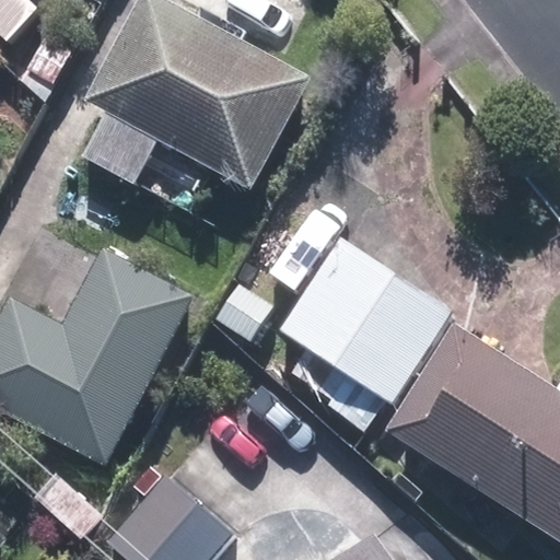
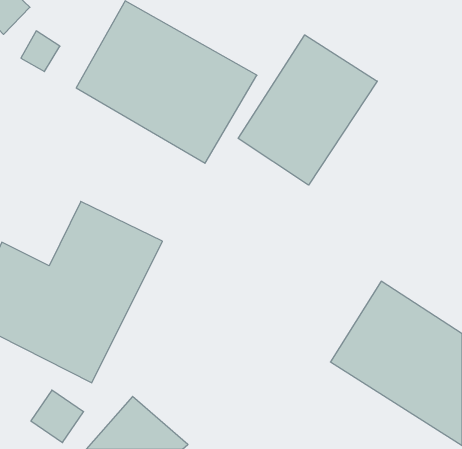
building: none -> [238,35,377,185]
building: [280,248,450,406] -> none

